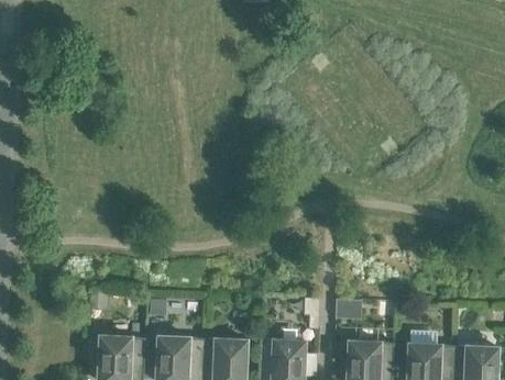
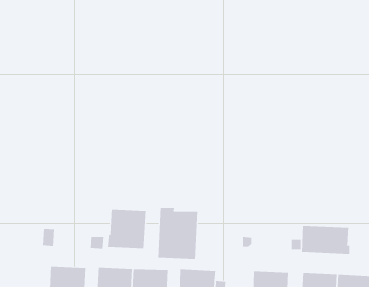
building: none -> [158,207,198,260]
building: none -> [108,209,146,249]
building: none -> [301,225,350,255]

